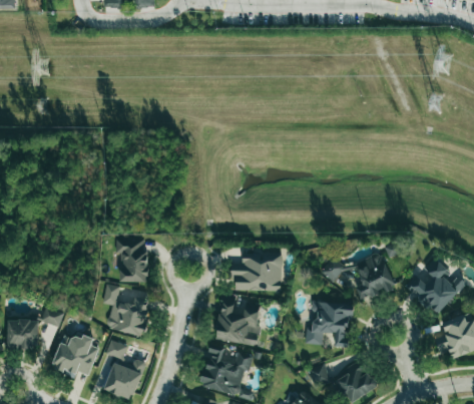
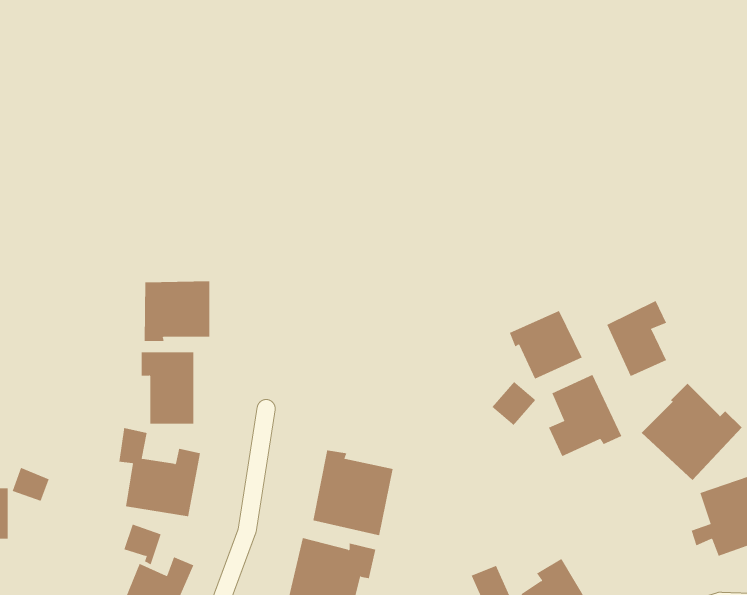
building: none -> [144,281,210,342]
building: none -> [606,300,667,377]
building: none -> [509,310,583,380]
building: [232,255,282,291] -> none
building: [305,302,352,347] -> none
building: [52,334,98,376] -> none

